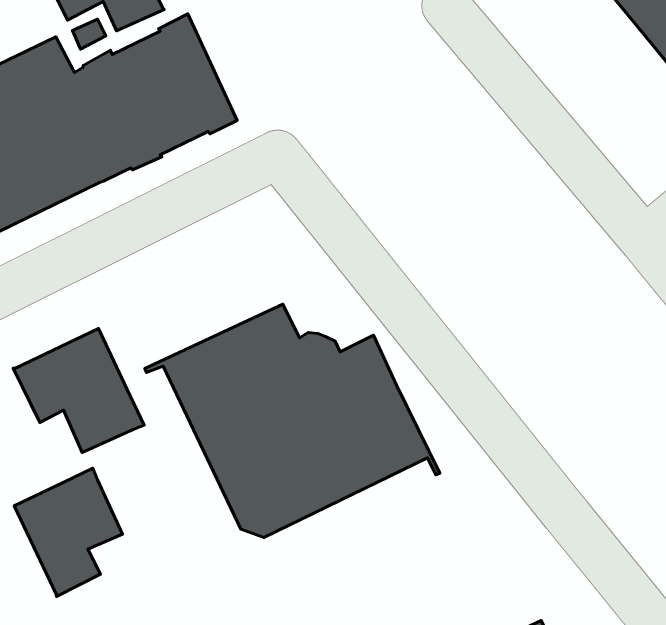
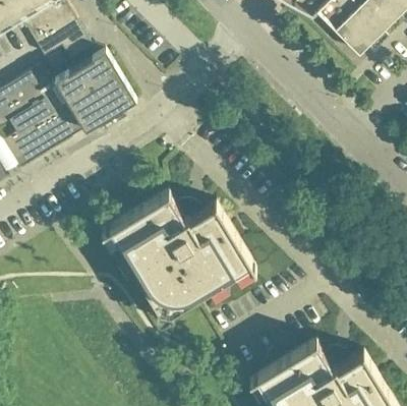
building: [13,329,144,453] -> none
building: [14,468,122,597] -> none

